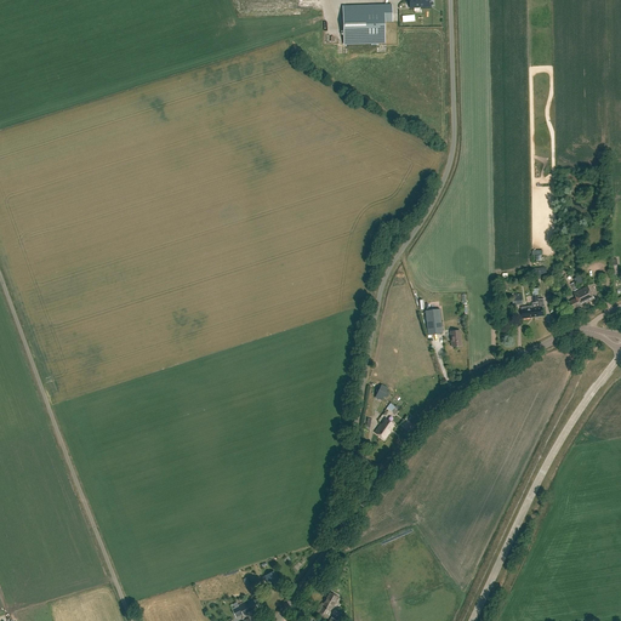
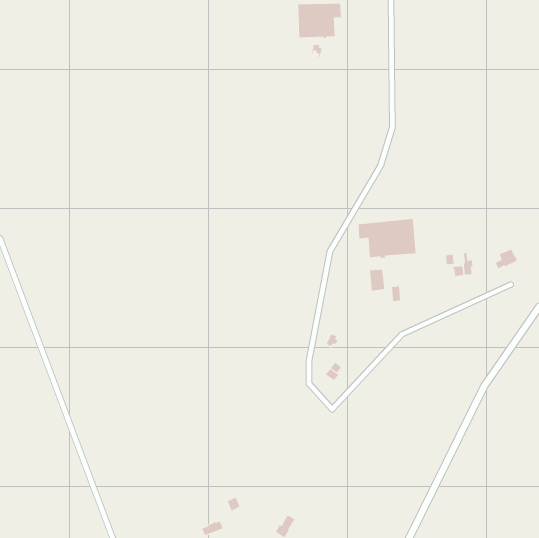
building: none -> [358,218,416,259]

